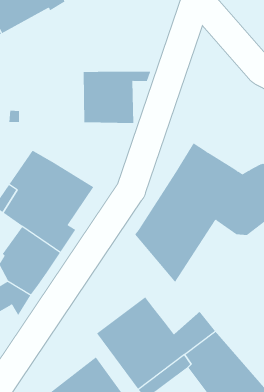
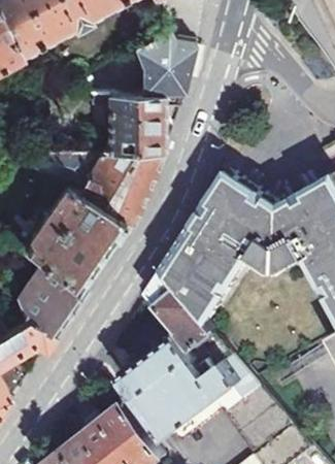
building: none -> [127,27,189,94]
building: none -> [73,150,160,225]
building: none -> [141,271,231,378]

